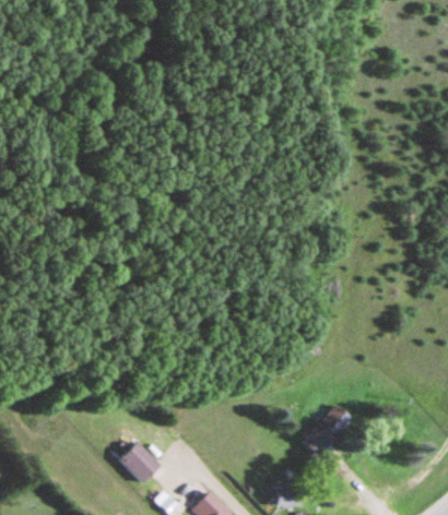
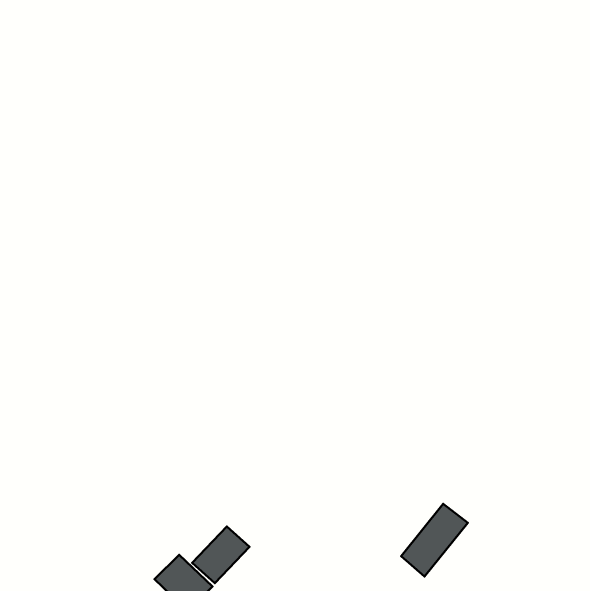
building: none -> [192,526,250,583]

